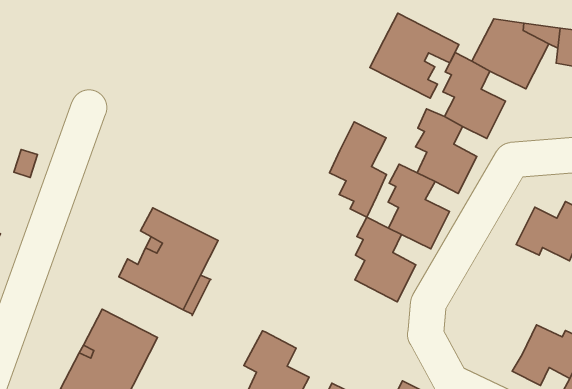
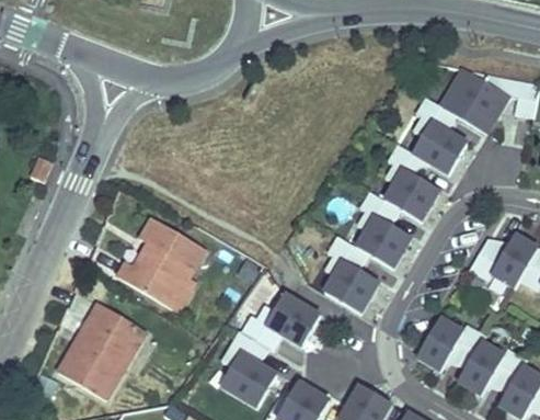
building: [370,13,459,98] -> none
building: [330,122,387,217] -> none
building: none -> [241,294,320,351]
building: none -> [416,317,485,372]

